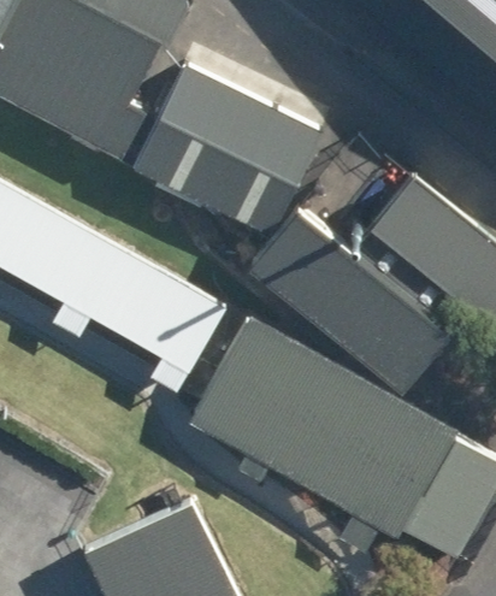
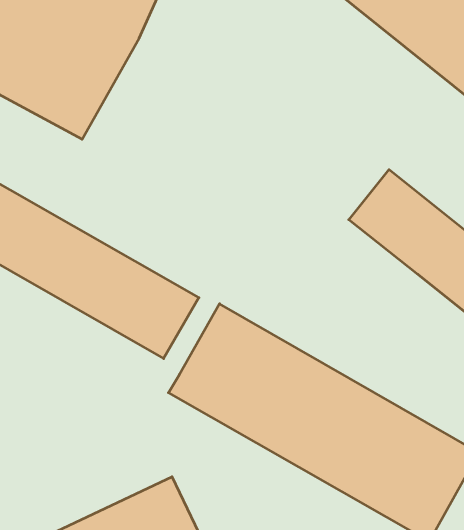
building: [131,65,313,230] -> none
building: [249,212,442,389] -> none

